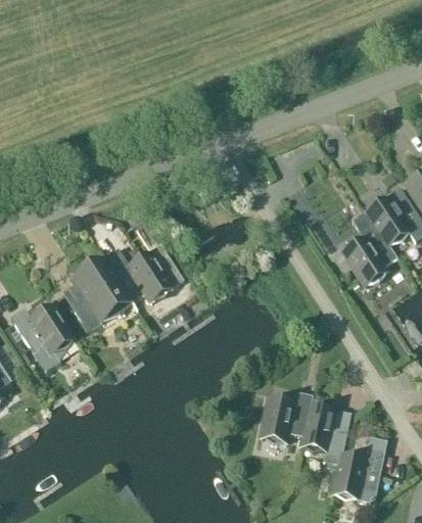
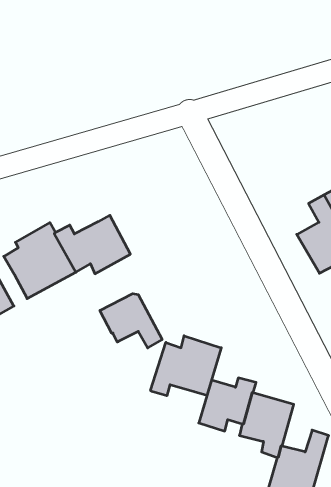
building: none -> [100,294,162,348]
building: none -> [151,336,221,396]

